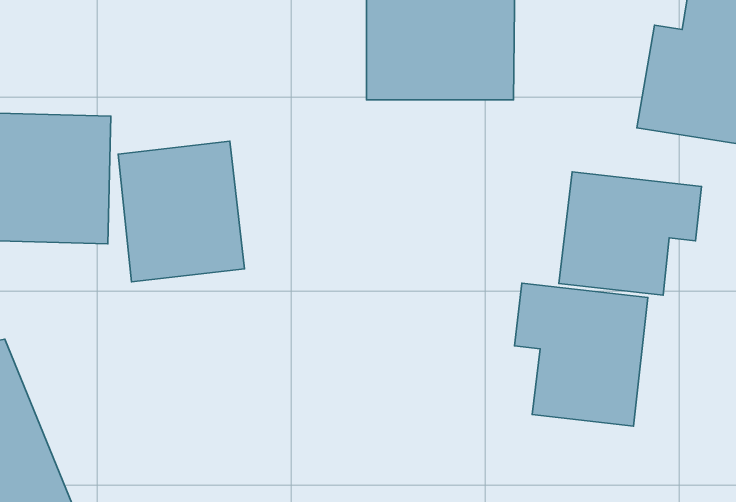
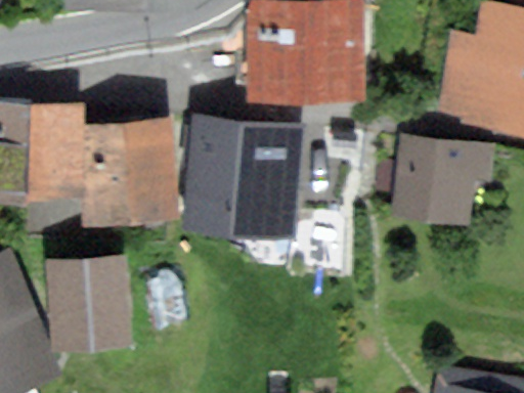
building: none -> [186,119,290,226]
building: [515,283,648,426] -> none
building: none -> [56,261,123,347]

